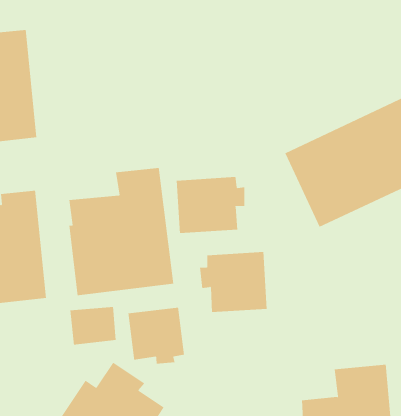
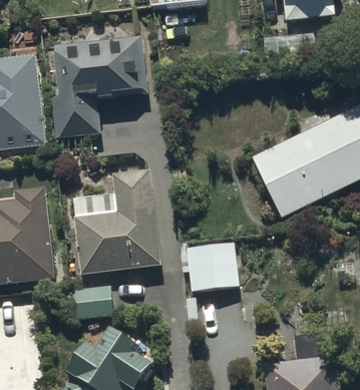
building: none -> [49,34,146,138]
building: [176,176,245,234] -> none
building: [128,307,184,364] -> none

